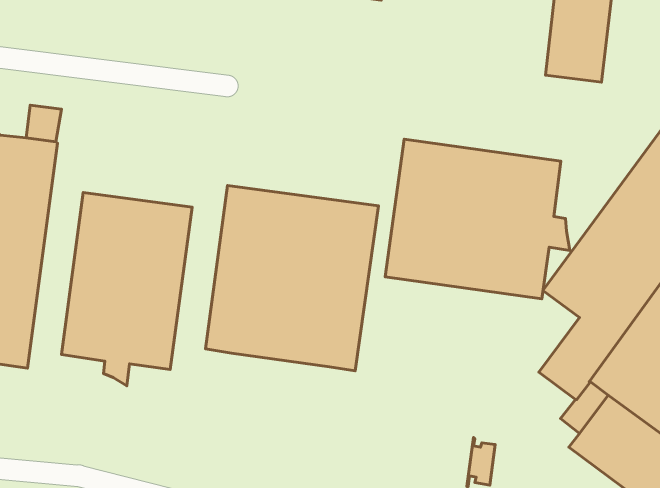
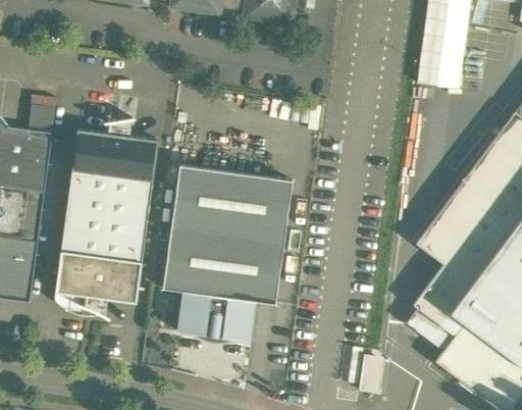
building: none -> [71,120,158,182]
building: [385,139,570,299] -> none
building: none -> [177,291,256,342]

